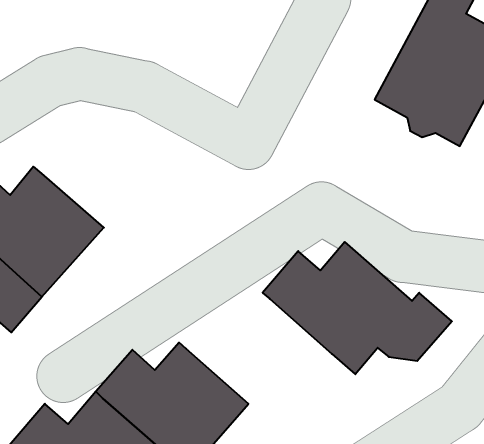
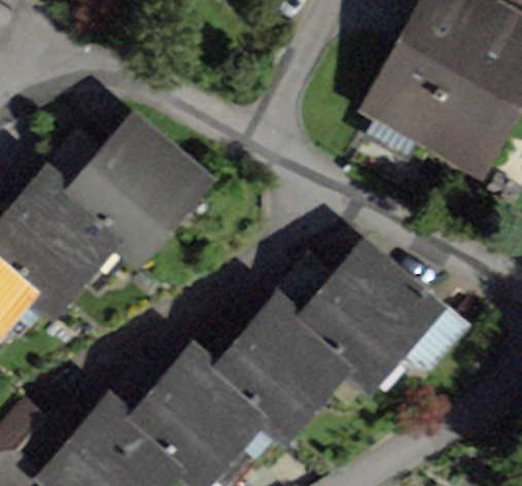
building: none -> [50,126,206,259]
building: none -> [198,305,352,437]

